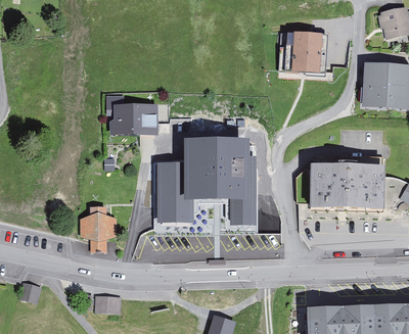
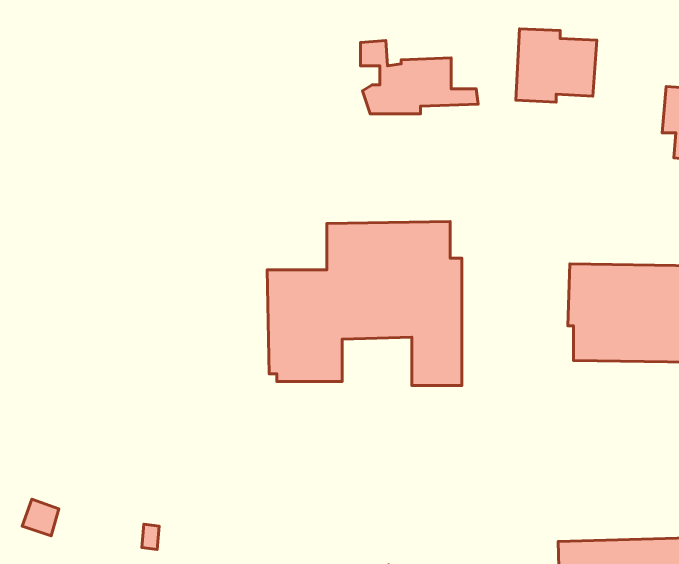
building: [106,97,169,136] -> [361,41,478,114]
building: [82,208,115,253] -> none
building: [98,296,123,314] -> none

